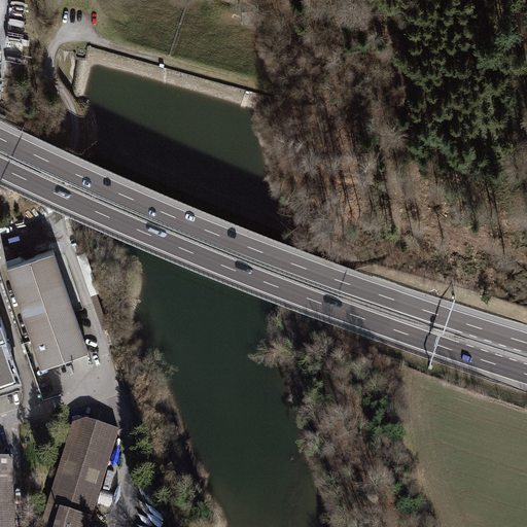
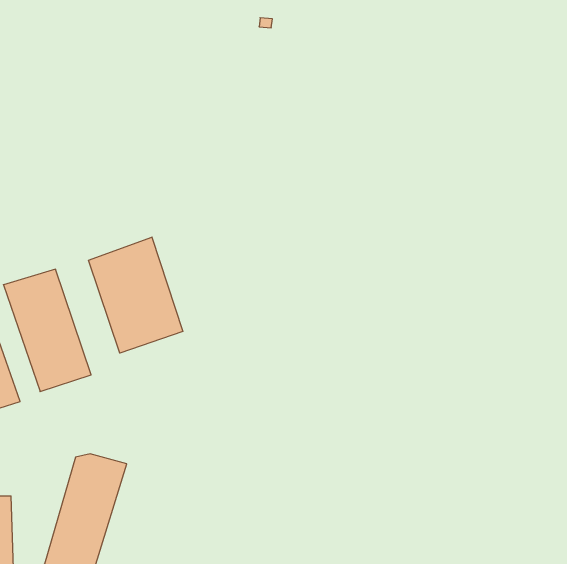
building: none -> [88,237,183,353]

